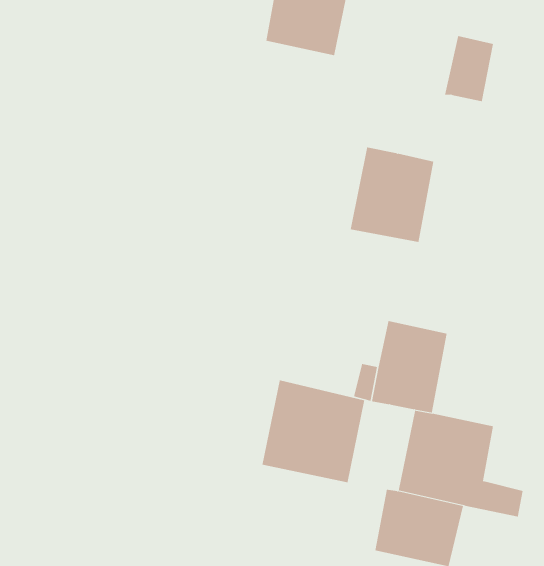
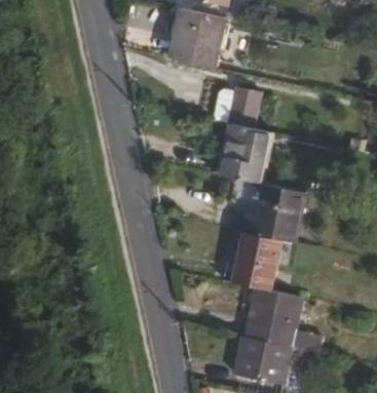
building: [444,36,494,102] -> [227,87,258,128]
building: none -> [244,184,305,242]
building: [262,380,365,483] -> none

